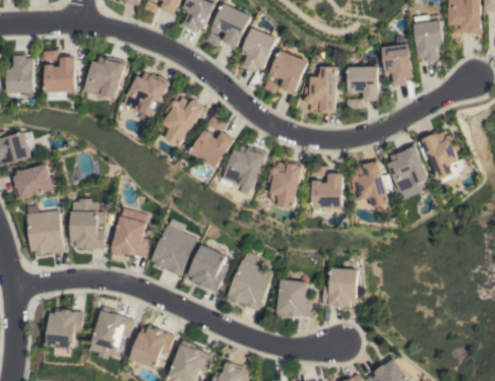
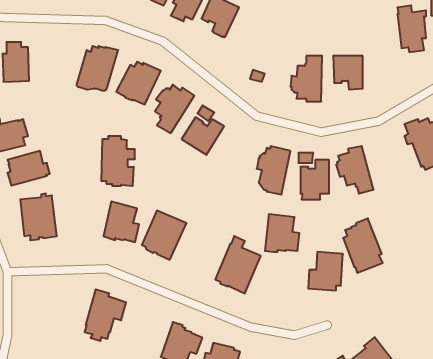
building: [240,27,275,72] -> none
building: [381,43,412,85] -> none
building: [268,50,307,92] -> none
building: [46,57,76,101] -> none
building: [387,142,428,198] -> [343,218,383,273]
building: [224,145,267,189] -> none
building: [70,198,105,249] -> [101,136,135,186]
building: [187,244,227,292] -> none
building: [276,278,312,317] -> [265,214,299,252]
building: [47,309,82,348] -> none
building: [131,325,174,368] -> none

